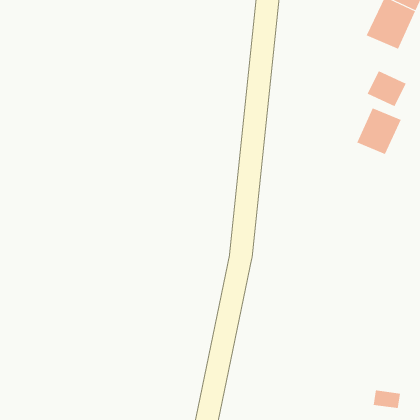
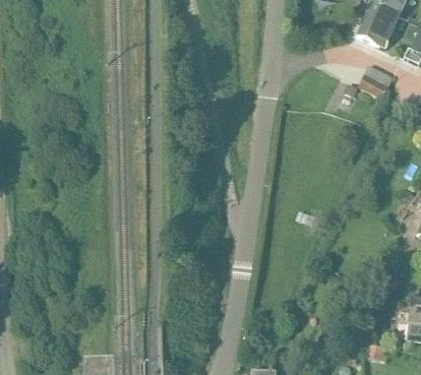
building: [356,108,401,155] -> none

